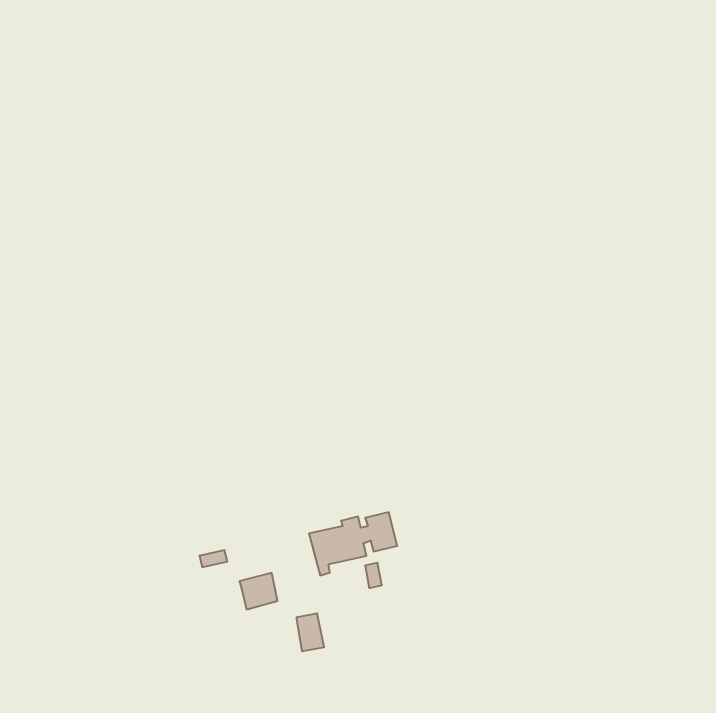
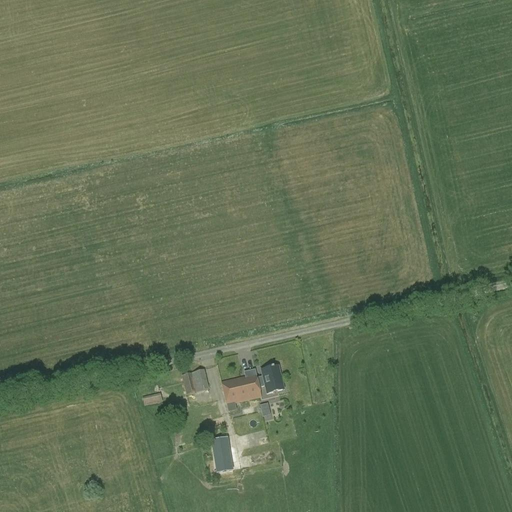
building: [239,573,277,609] -> [182,368,209,394]

